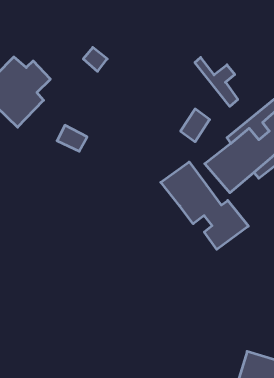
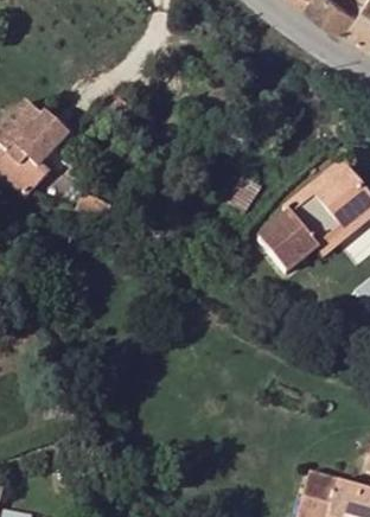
building: [195,57,238,106] -> none
building: [161,162,248,249] -> none

